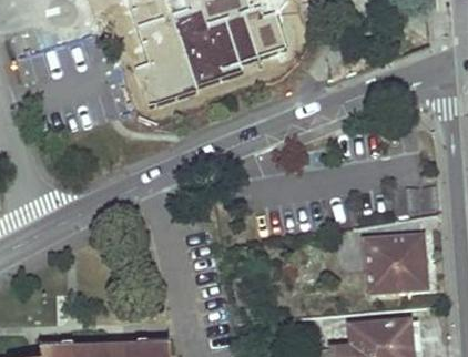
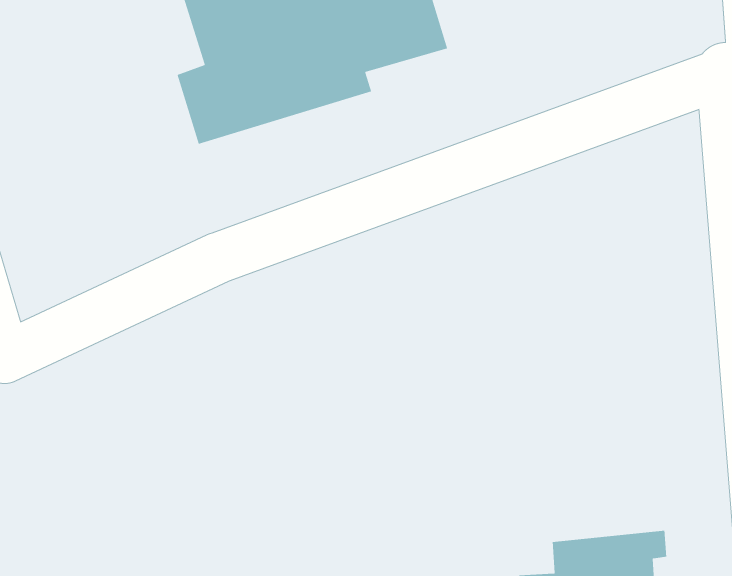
building: [366,235,425,289] -> none

